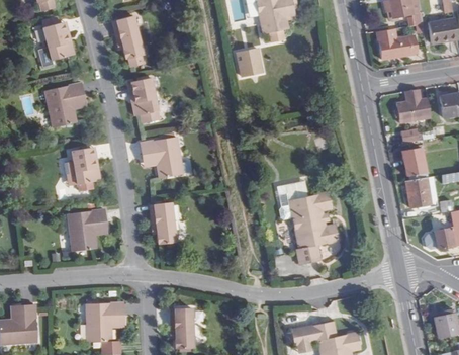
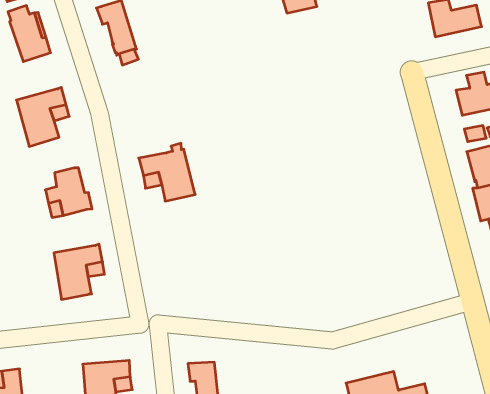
building: [236,48,264,77] -> none
building: [130,77,159,124] -> none
building: [278,180,339,264] -> none
building: [150,201,176,244] -> none

